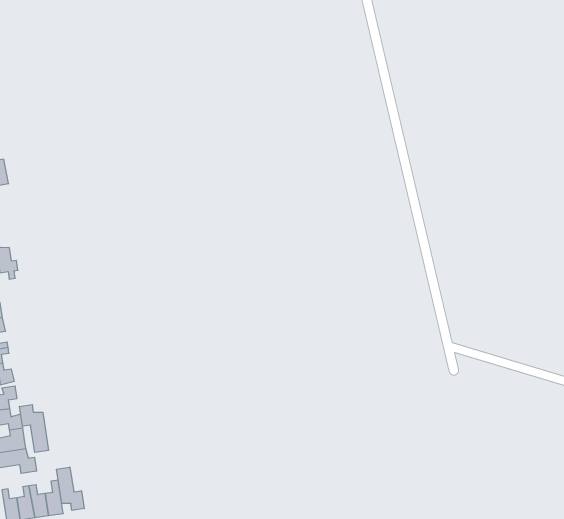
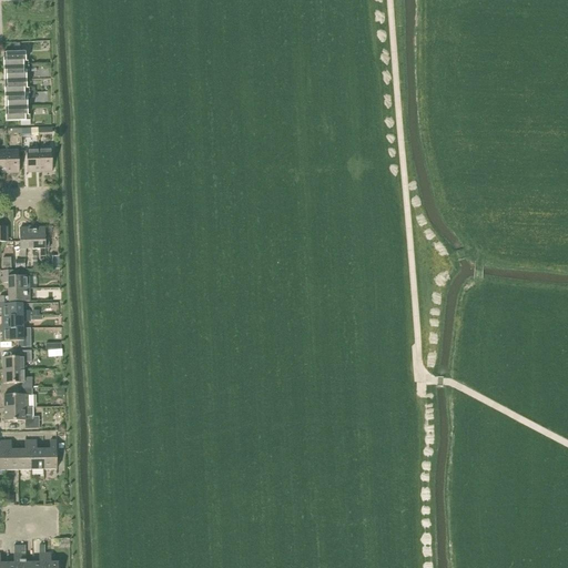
building: [20,405,48,452] -> none
building: [57,467,84,510] -> none

